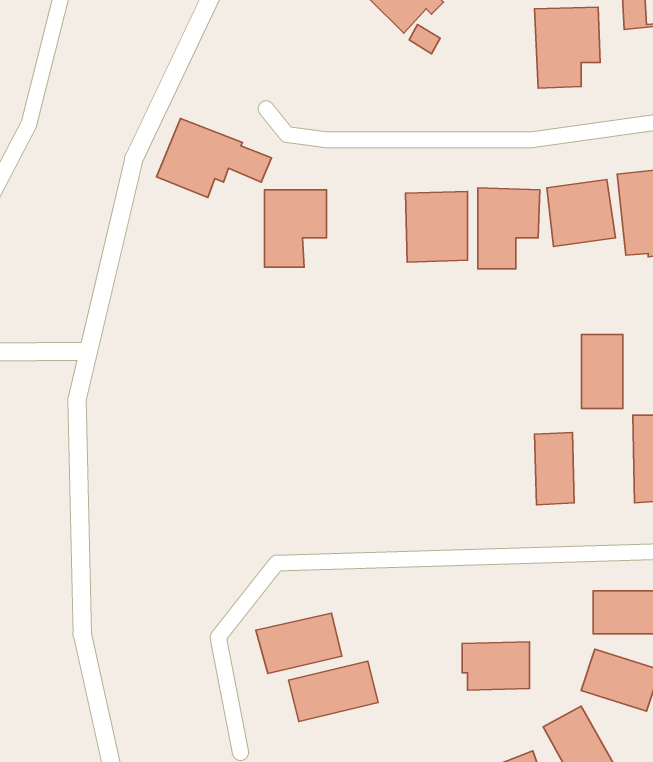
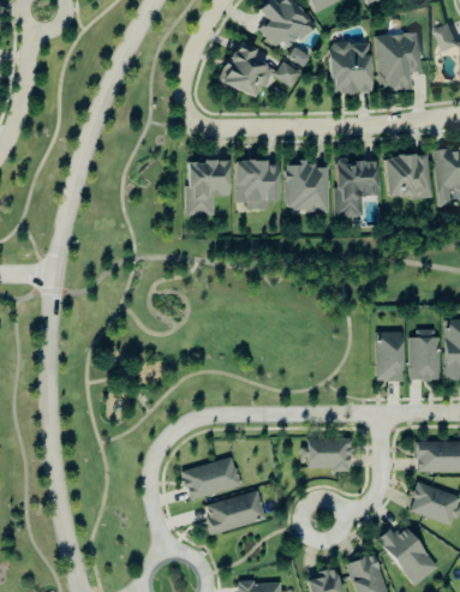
building: none -> [329,42,371,94]
building: [156,118,272,198] -> [219,42,299,97]
building: none -> [234,161,279,209]
building: [582,334,623,408] -> [410,328,438,379]
building: [462,642,529,690] -> [303,436,350,470]

